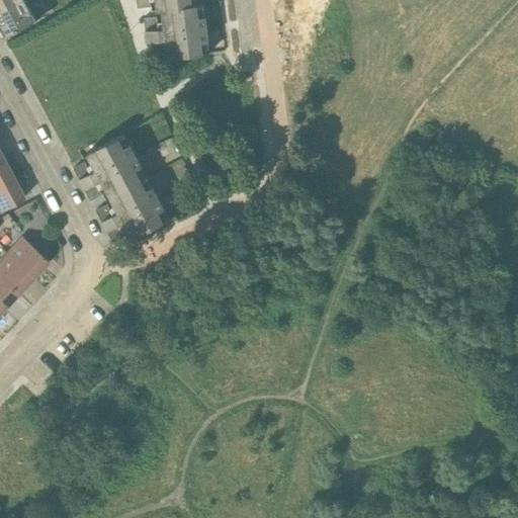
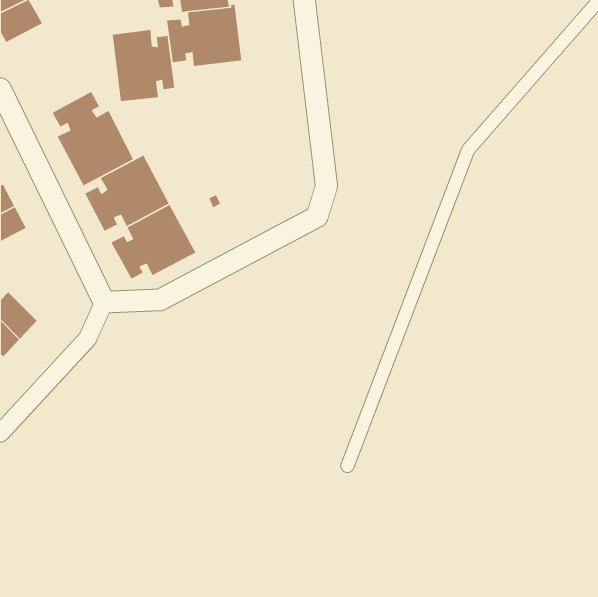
building: none -> [112,29,175,102]
building: none -> [51,91,134,187]
building: [7,236,48,277] -> none

